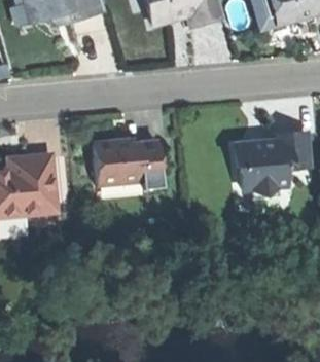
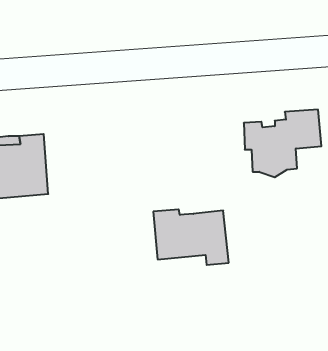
building: [94,139,164,190] -> [153,209,229,265]

